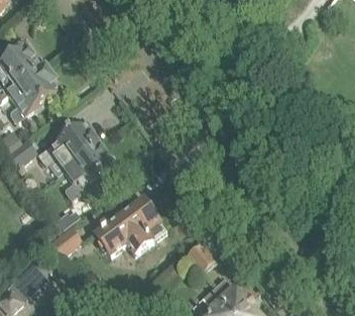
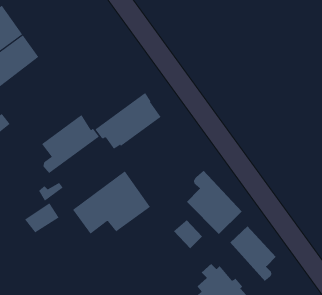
building: [37,119,101,174] -> [94,92,161,150]
building: none -> [186,170,242,235]
building: none -> [229,226,277,282]

